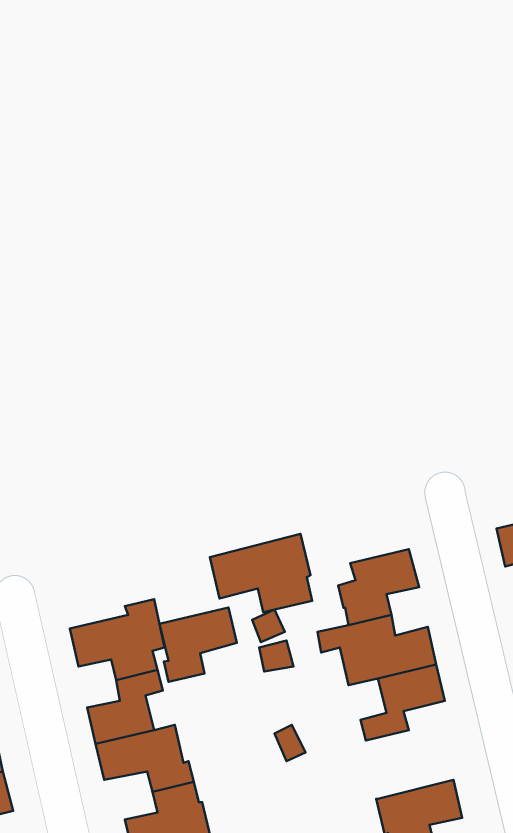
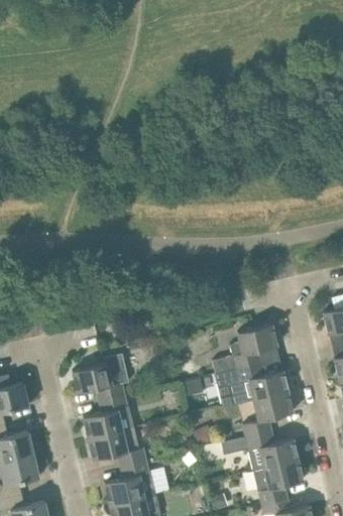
building: [210,534,312,612] -> none
building: [159,607,237,682] -> none
building: none -> [221,431,298,472]

